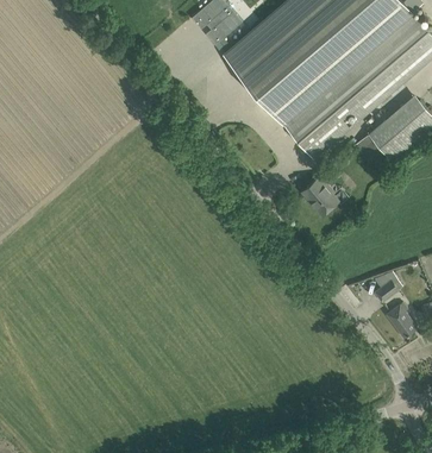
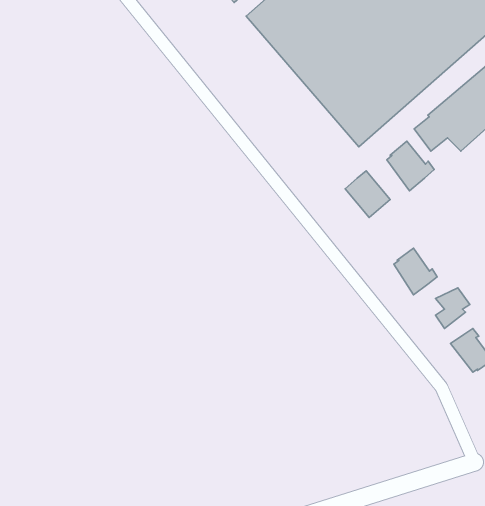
building: none -> [387,141,434,191]
building: none -> [394,248,437,295]

